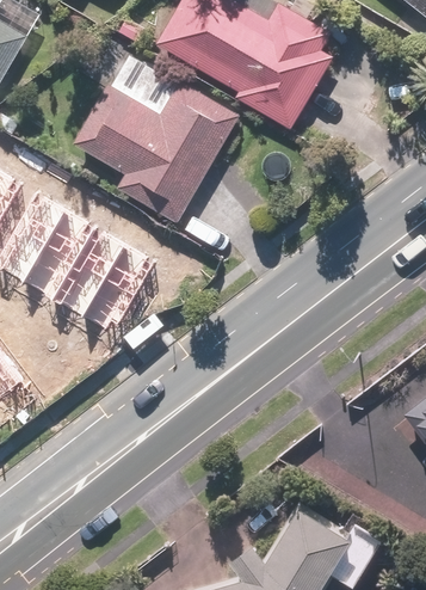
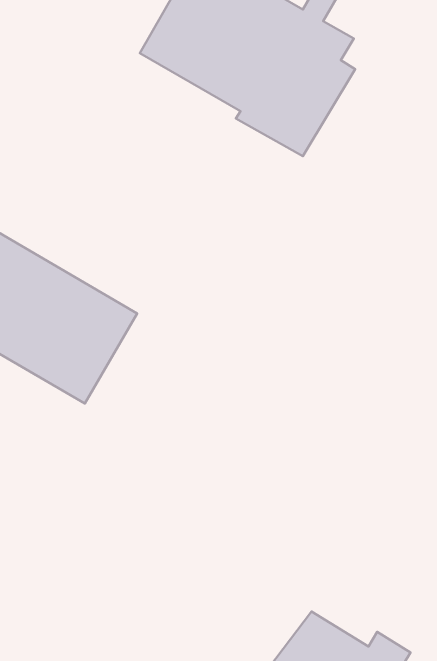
building: [73,56,240,223] -> none

